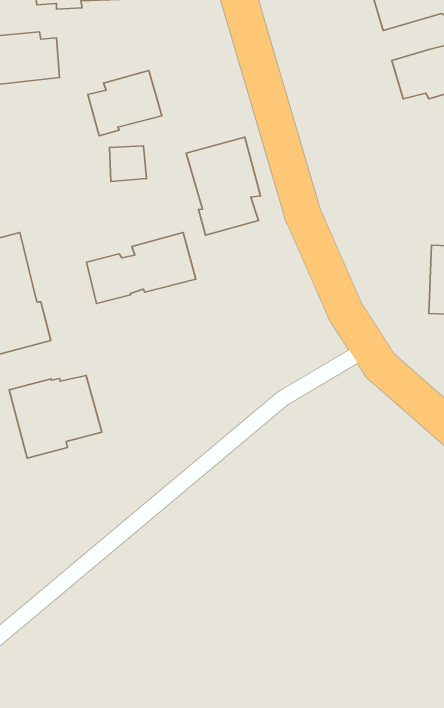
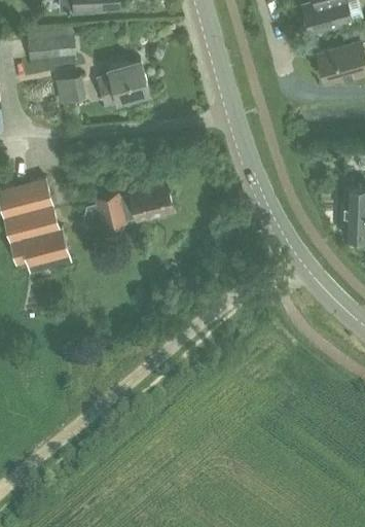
building: [186,137,261,235] -> none
building: [110,146,146,181] -> [66,76,93,102]
building: [9,375,102,458] -> none

